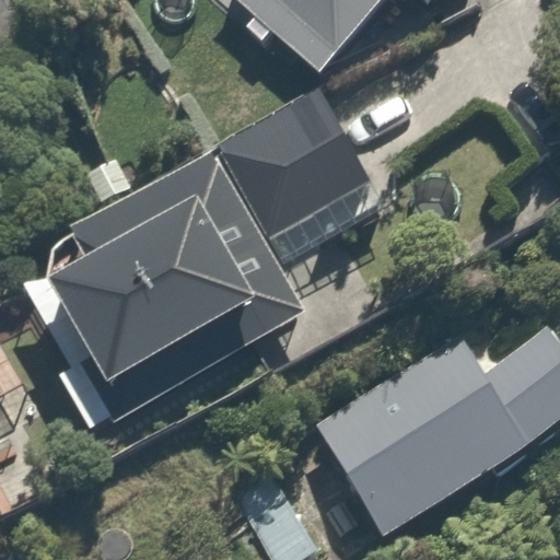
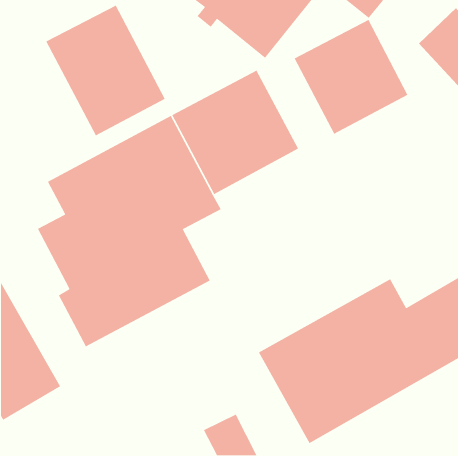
building: none -> [45,4,166,137]
building: none -> [294,19,409,135]

